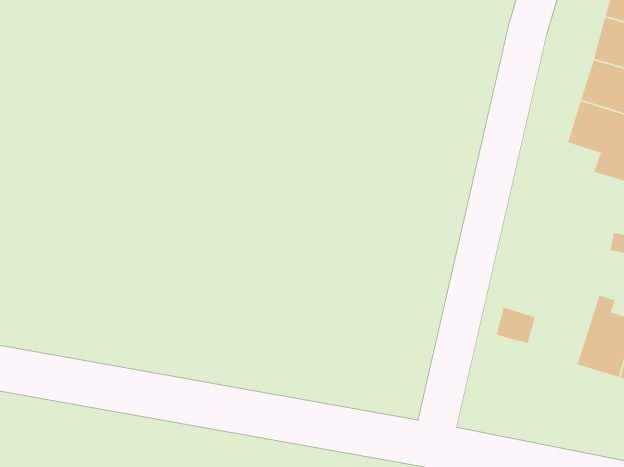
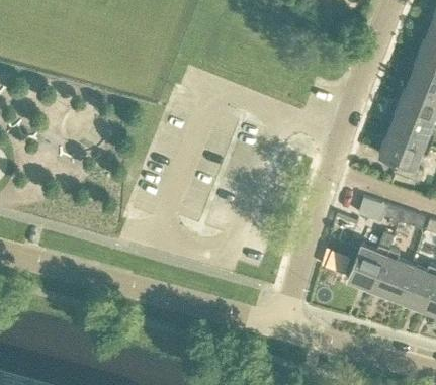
building: none -> [358,197,402,221]
building: none -> [347,232,394,289]

